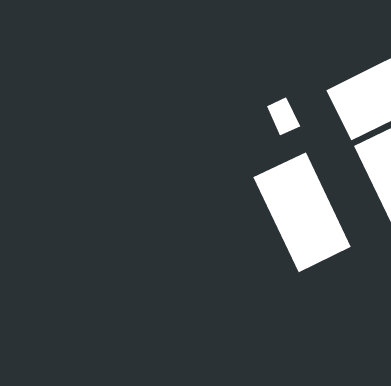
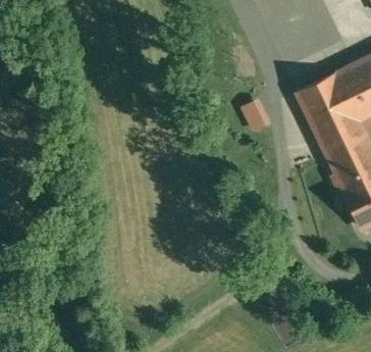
building: [252,152,351,273] -> none

